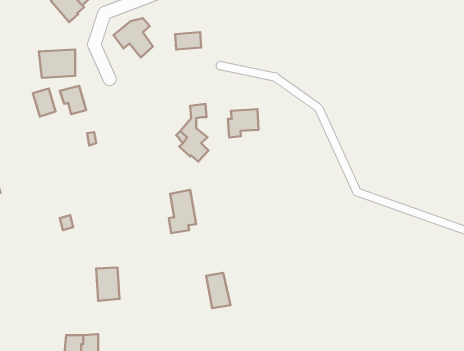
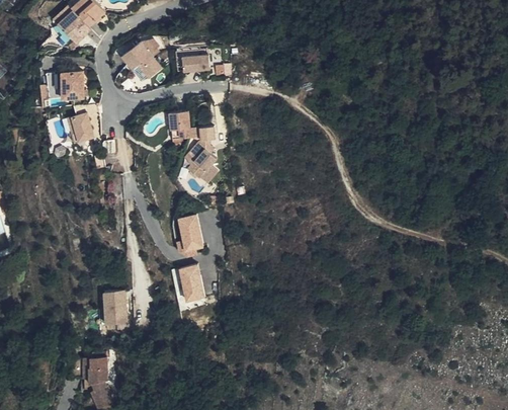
building: [33,88,56,116] -> none
building: none -> [168,111,190,139]
building: [228,109,258,137] -> none
building: [206,273,230,308] -> [181,264,205,300]

